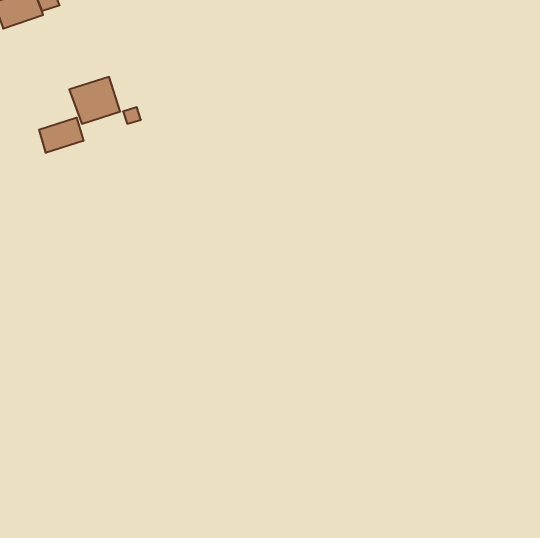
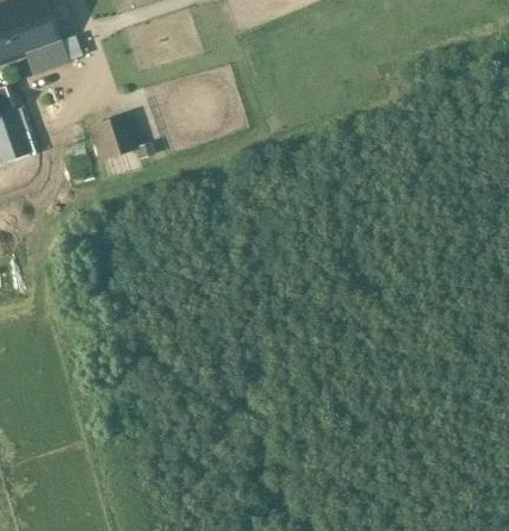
building: [39,118,83,153] -> none

